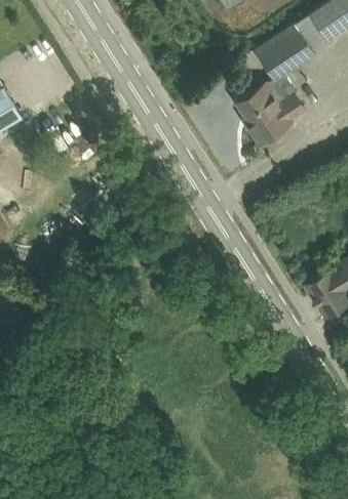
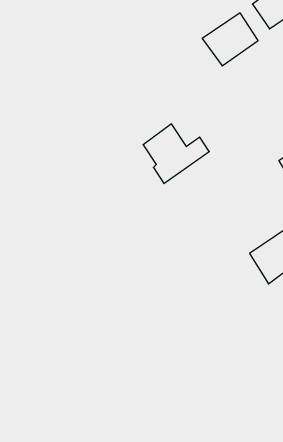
building: [236,79,308,143] -> [143,124,209,184]

